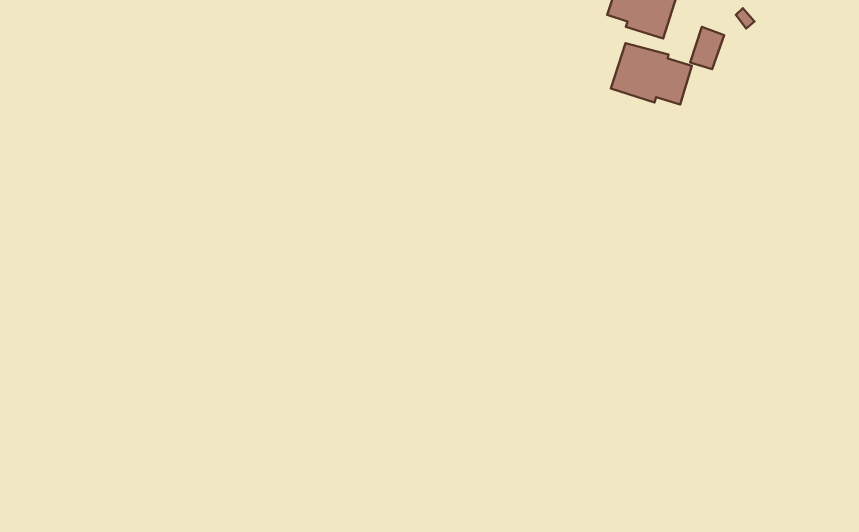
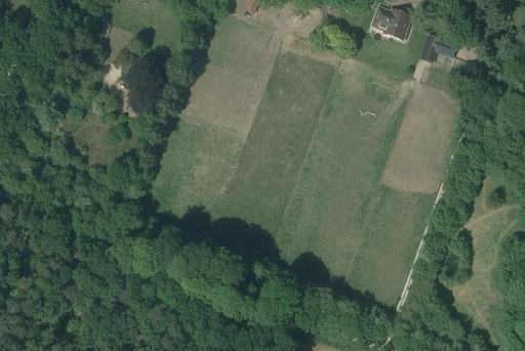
building: [611,43,692,105] -> none

